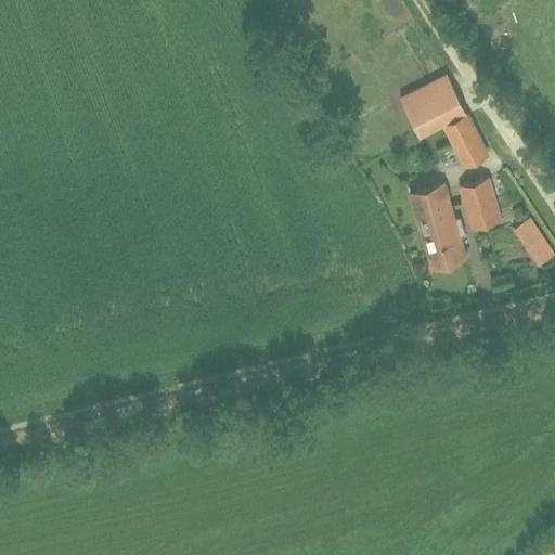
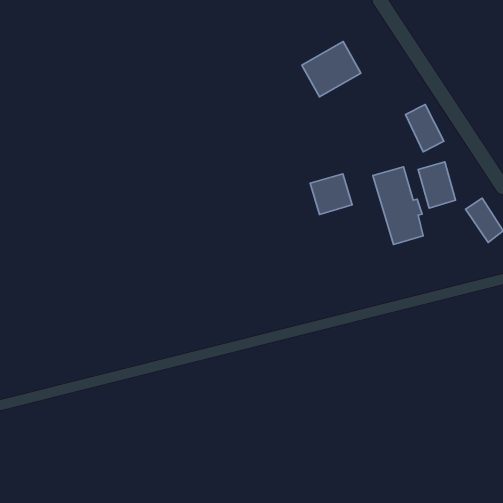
building: [399,77,464,138] -> [302,42,361,97]
building: none -> [310,174,352,214]

